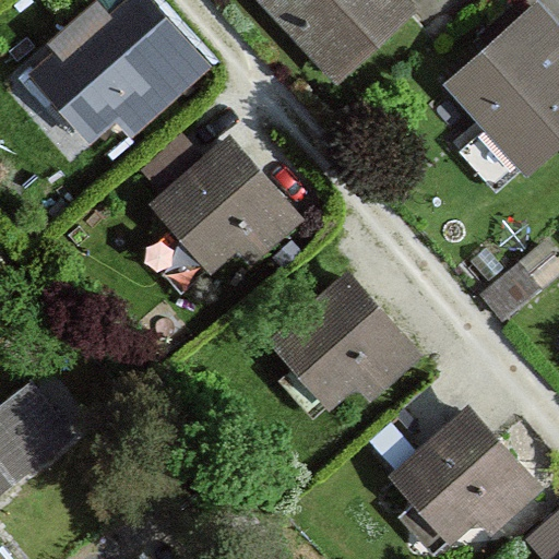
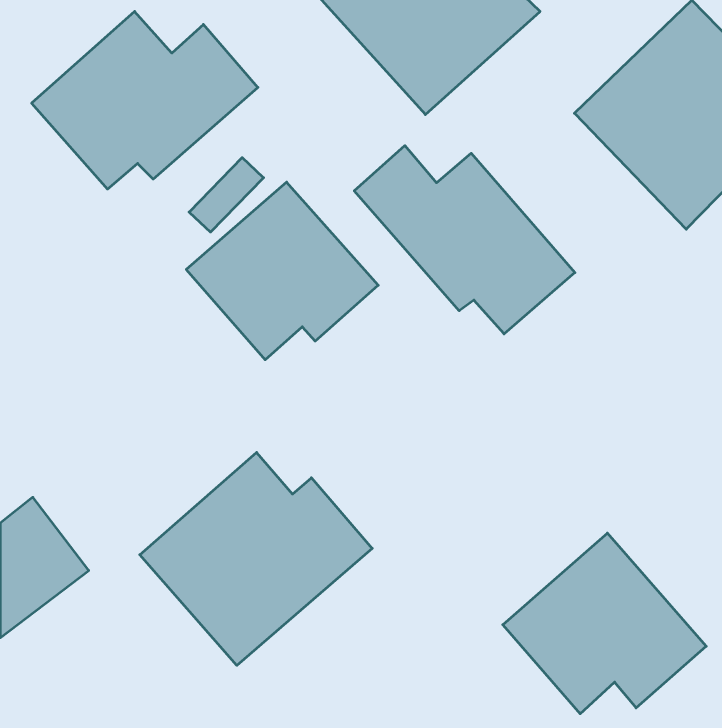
building: none -> [354,146,575,334]
building: [269,272,417,405] -> none
building: none -> [140,452,372,665]

